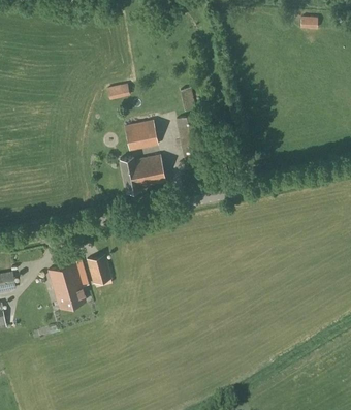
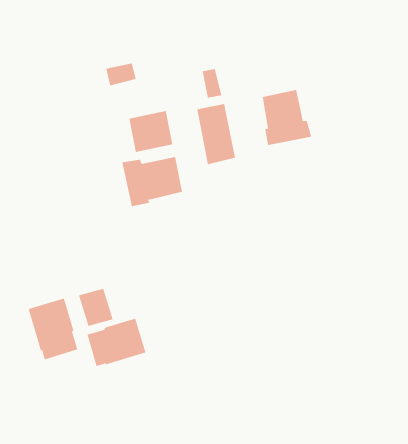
building: none -> [262,89,312,146]
building: none -> [87,318,146,367]

